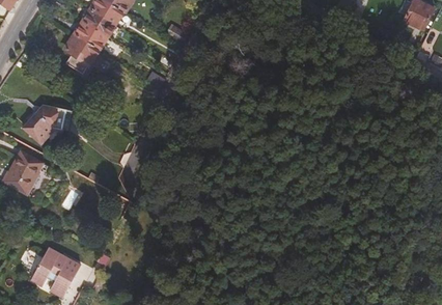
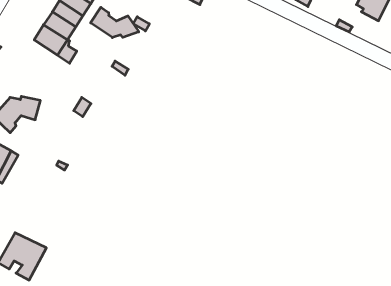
building: none -> [91,7,139,38]

